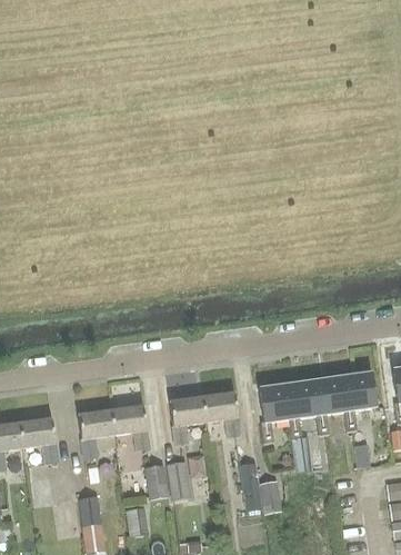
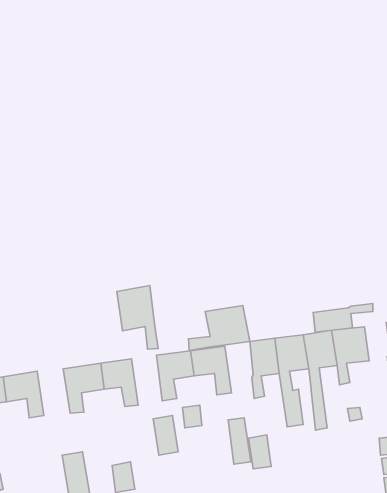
building: none -> [117,286,158,349]
building: none -> [313,303,373,332]
building: none -> [188,306,250,350]
building: [144,463,168,497] -> none

